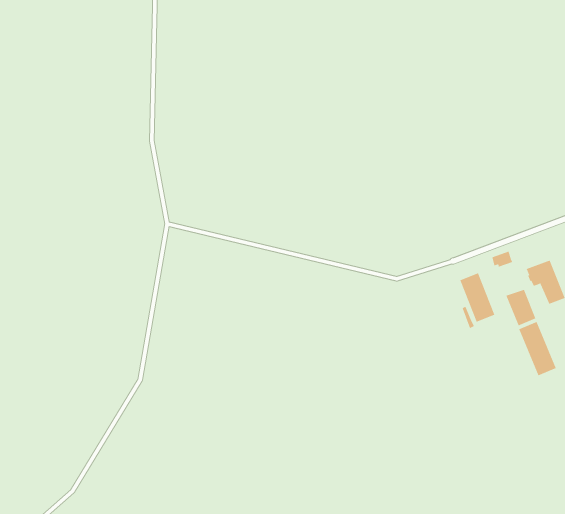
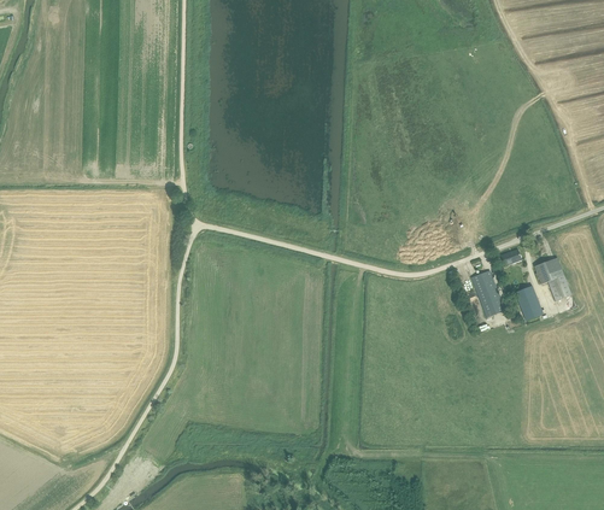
building: [518,321,556,376] -> none

